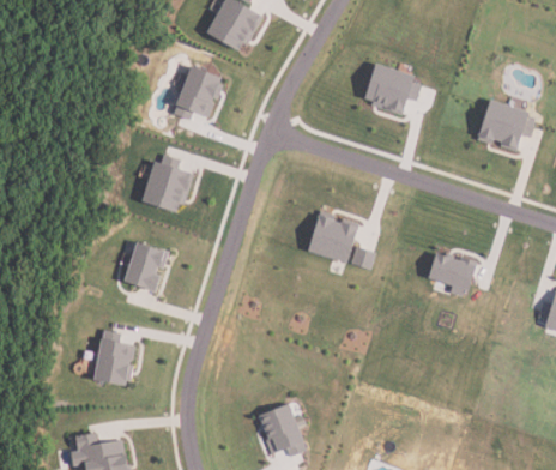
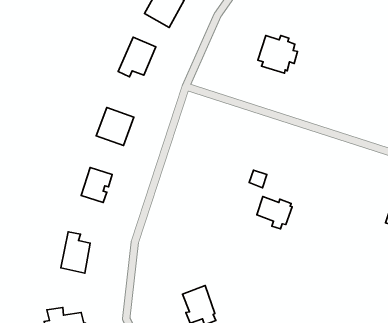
building: [475,98,533,150] -> none
building: [308,213,358,263] -> none
building: [429,252,477,296] -> [257,196,292,229]

